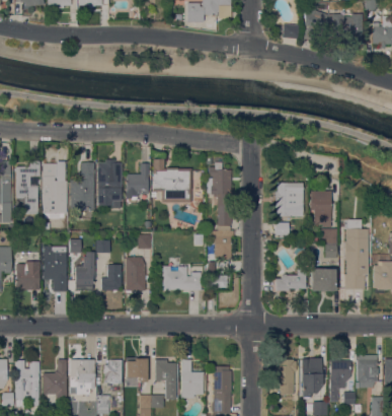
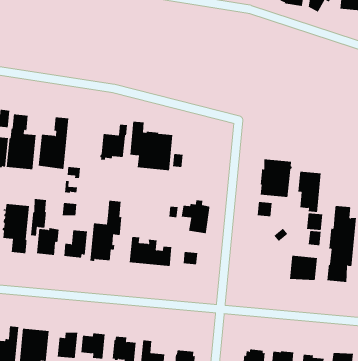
building: [207,156,231,225] -> none
building: [96,161,122,205] -> none
building: [276,267,306,290] -> none

